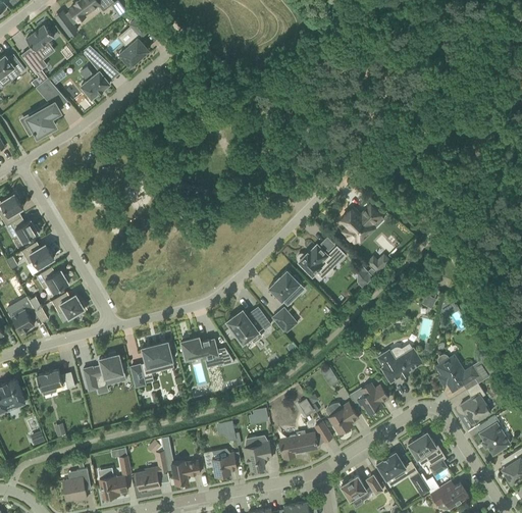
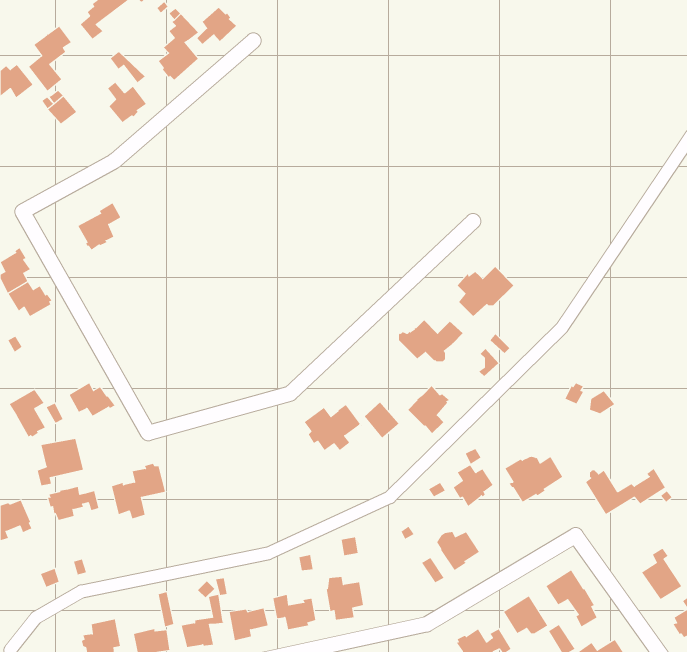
building: none -> [197,7,237,45]
building: [28,100,60,136] -> [77,203,121,250]
building: [21,242,54,267] -> none
building: [37,266,69,294] -> none
building: [269,269,301,306] -> [407,385,450,434]
building: none -> [37,438,83,486]
building: [180,337,234,364] -> none
building: [132,341,172,387] -> none
building: [358,382,388,414] -> [453,464,494,507]
building: [460,382,491,424] -> none
building: [279,432,318,458] -> none

